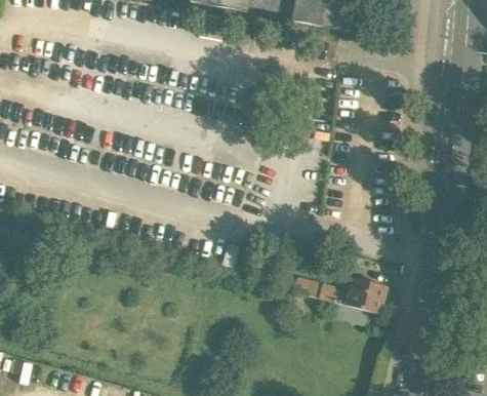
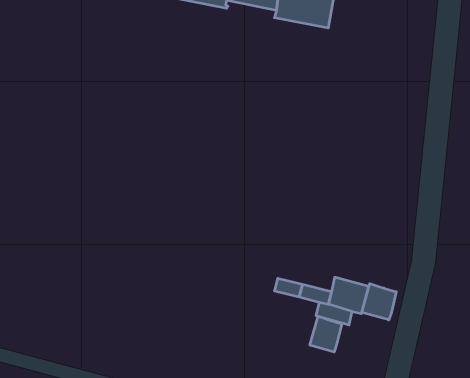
building: none -> [362,284,396,320]
building: none -> [310,316,342,352]

